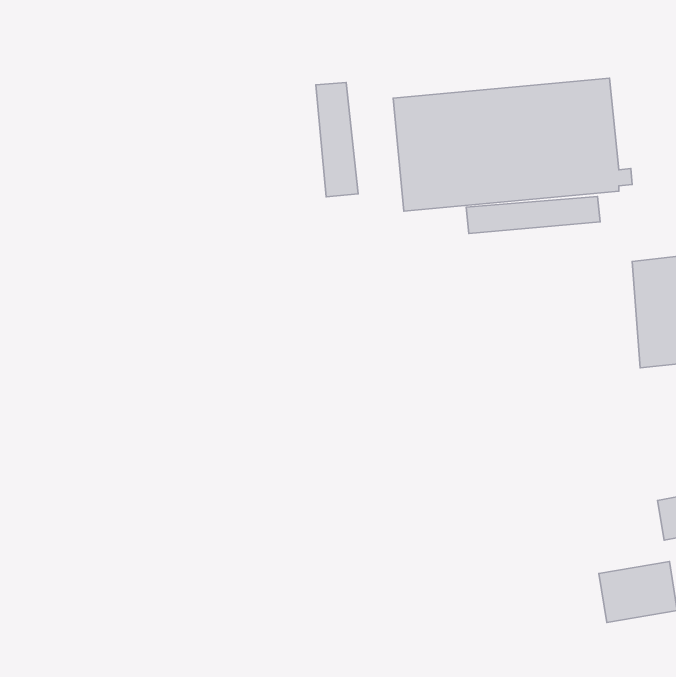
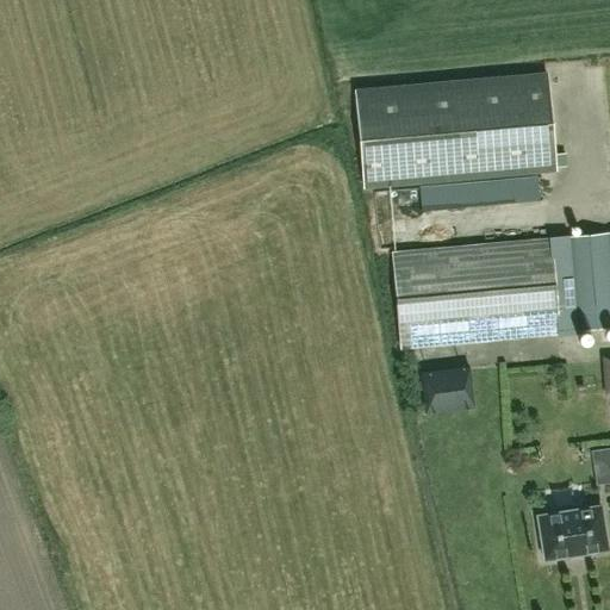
building: [316,82,358,197] -> none
building: none -> [393,238,559,347]
building: none -> [421,368,472,412]

